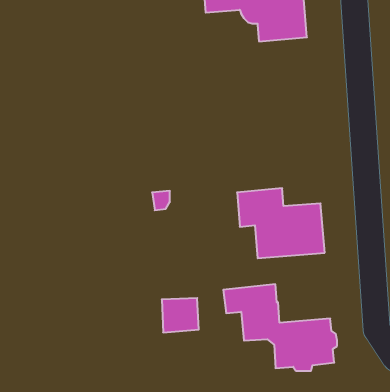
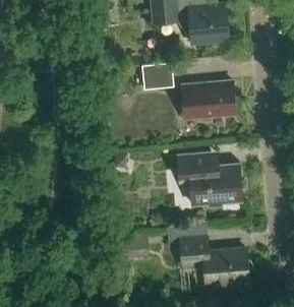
building: none -> [141,64,174,90]
building: none -> [182,82,235,120]

